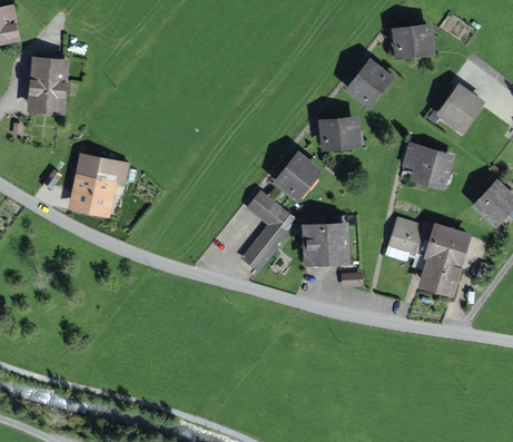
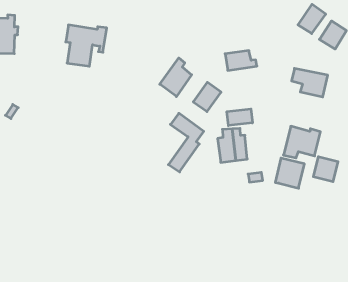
building: [351,65,386,101] -> [298,4,326,34]
building: none -> [160,58,192,97]
building: [75,157,127,210] -> [66,25,107,66]
building: none -> [227,109,252,126]
building: [427,228,465,267] -> [275,158,304,188]

